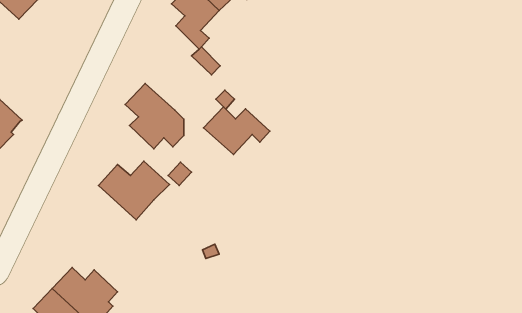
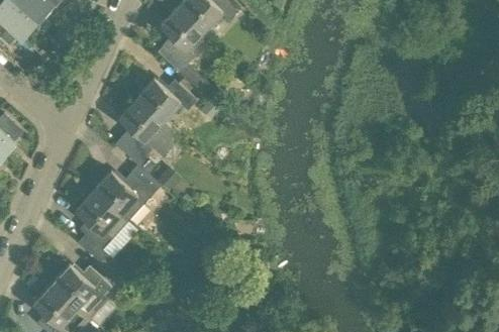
building: [204,107,270,154] -> [136,78,197,121]
building: none -> [77,190,128,276]

